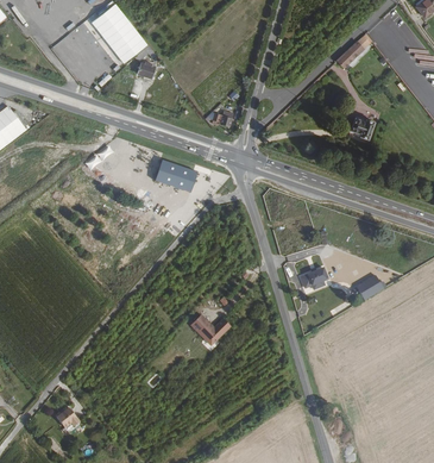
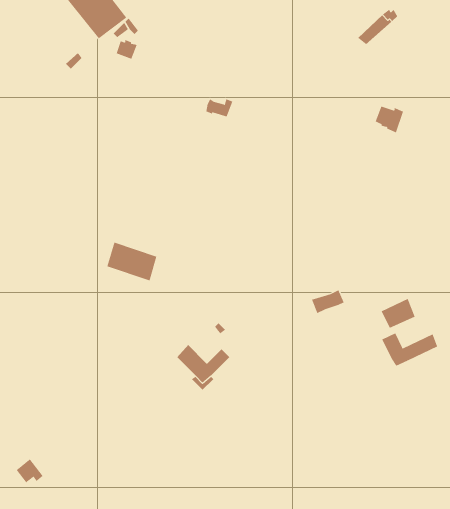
building: [153,161,195,193] -> [107,242,157,281]
building: none -> [382,332,438,367]

